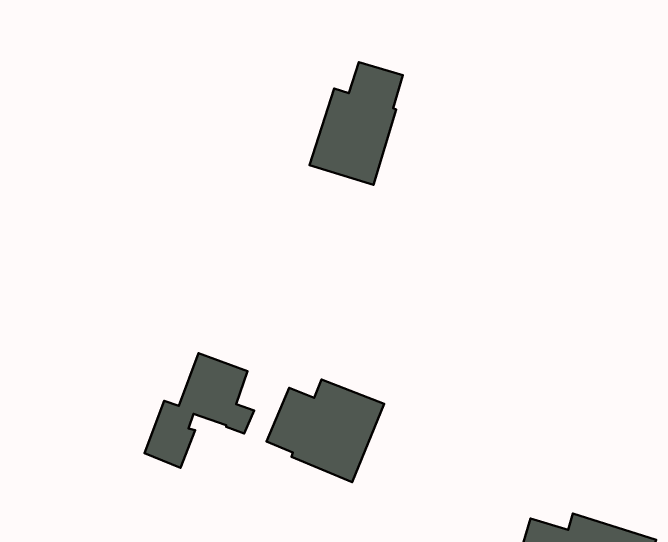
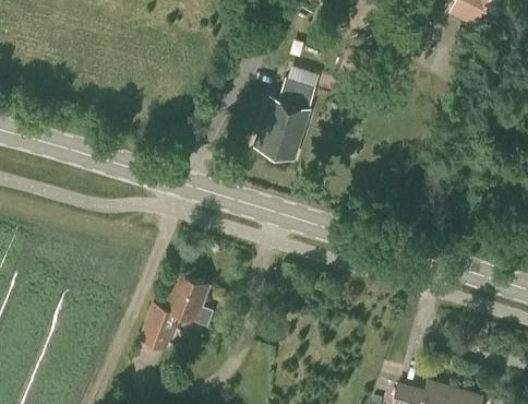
building: [267,379,384,482] -> none

